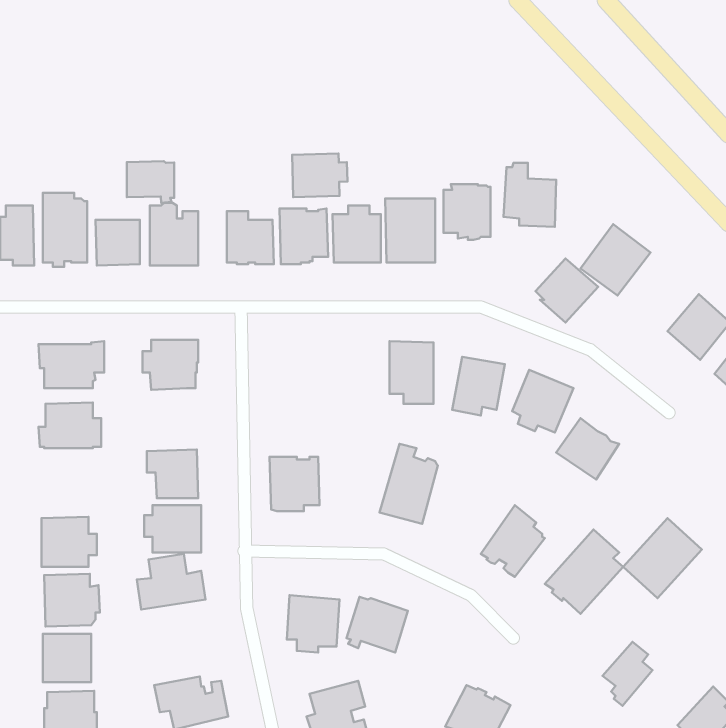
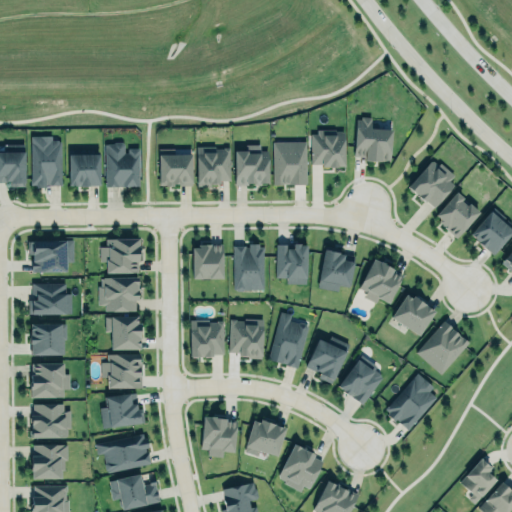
building: [292,153,347,197] -> none
building: [127,161,174,203] -> none
building: [536,258,598,323] -> [437,194,481,239]
building: none -> [232,242,264,290]
building: none -> [193,244,224,279]
building: none -> [99,278,138,312]
building: none -> [31,318,67,351]
building: none -> [231,319,265,359]
building: none -> [307,337,350,384]
building: [623,518,702,598] -> [416,318,471,374]
building: none -> [97,433,153,474]
building: none -> [279,443,325,493]
building: [603,642,652,706] -> [461,460,496,505]

